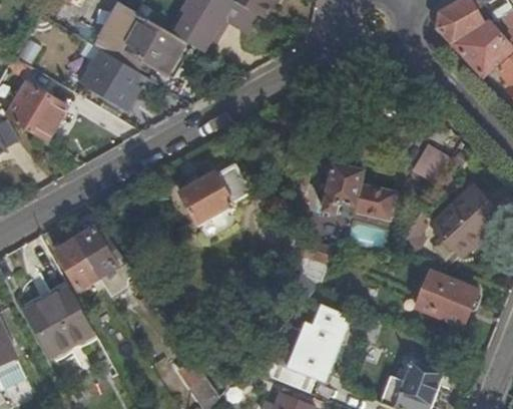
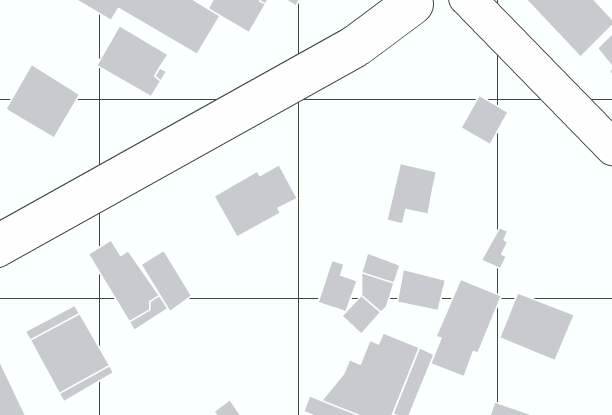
building: [410,142,449,183] -> [461,95,508,145]
building: [355,184,395,219] -> [397,269,446,310]
building: [430,196,489,255] -> none
building: [55,239,97,290] -> [141,250,192,312]
building: none -> [318,260,358,312]
building: none -> [430,279,501,377]

